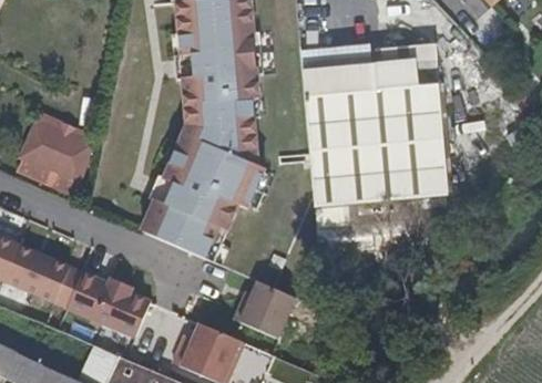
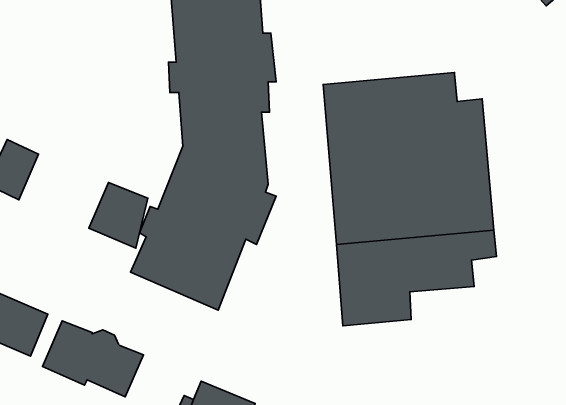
building: [300,44,434,73] -> none
building: [45,132,95,187] -> [89,182,148,248]
building: [233,281,295,339] -> none

